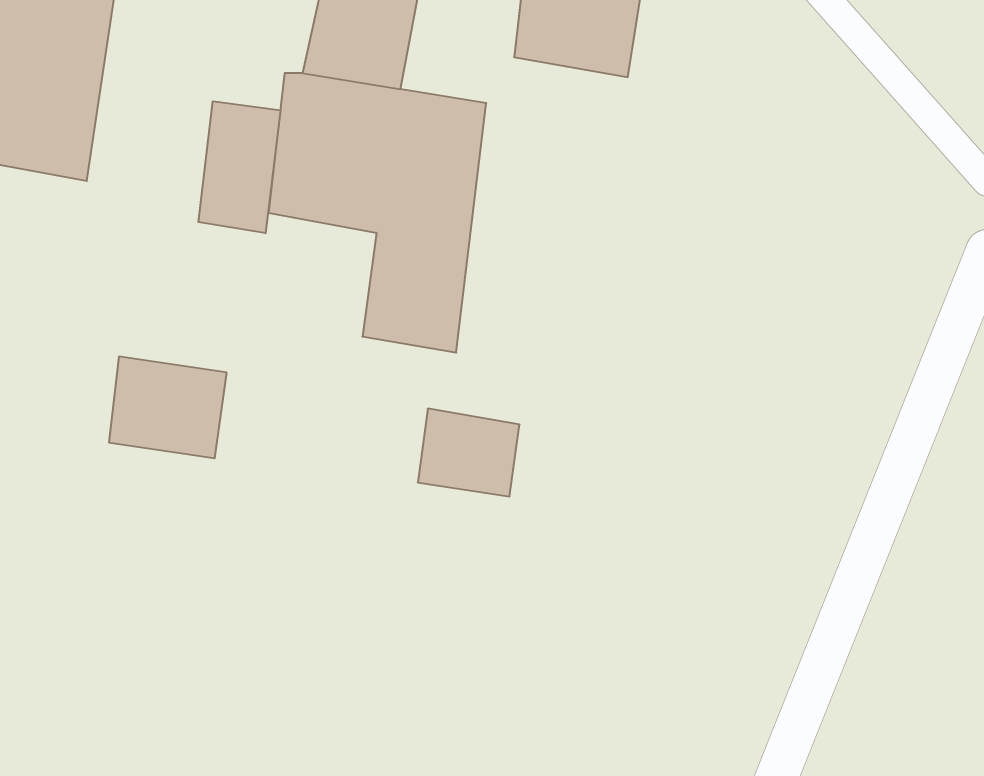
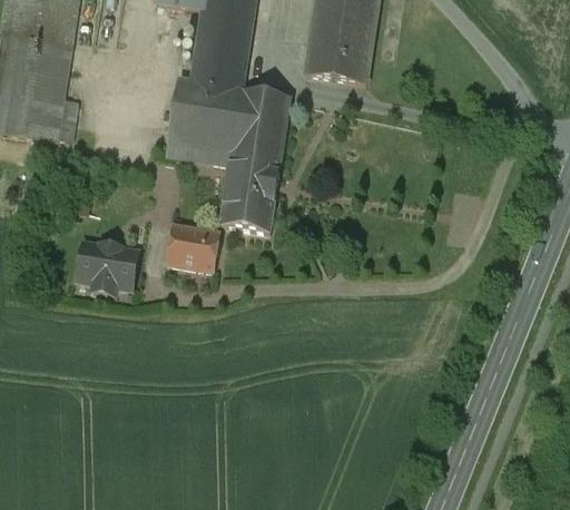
building: [198,101,280,233] -> none
building: [418,409,520,496] -> [163,226,219,275]

